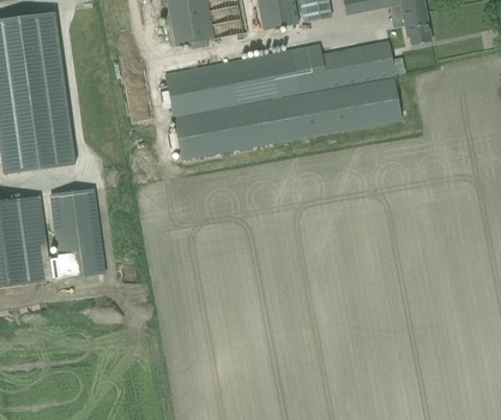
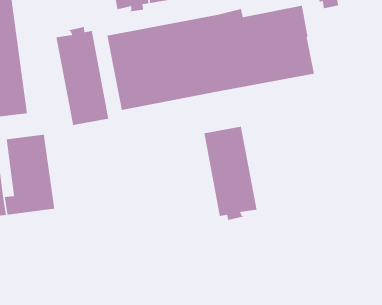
building: none -> [56,26,109,126]
building: none -> [203,126,258,221]

